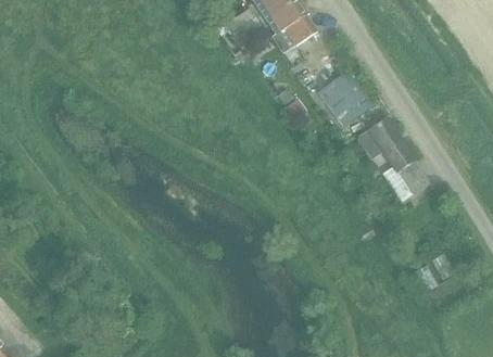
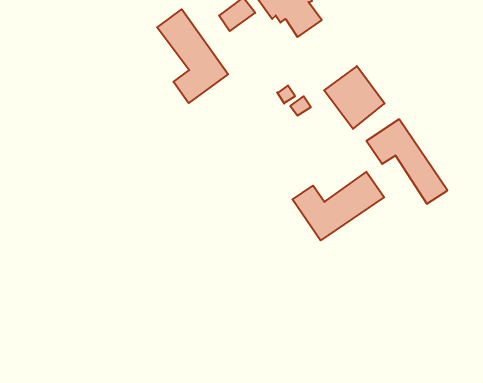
building: none -> [157,9,228,103]
building: none -> [292,172,384,240]

